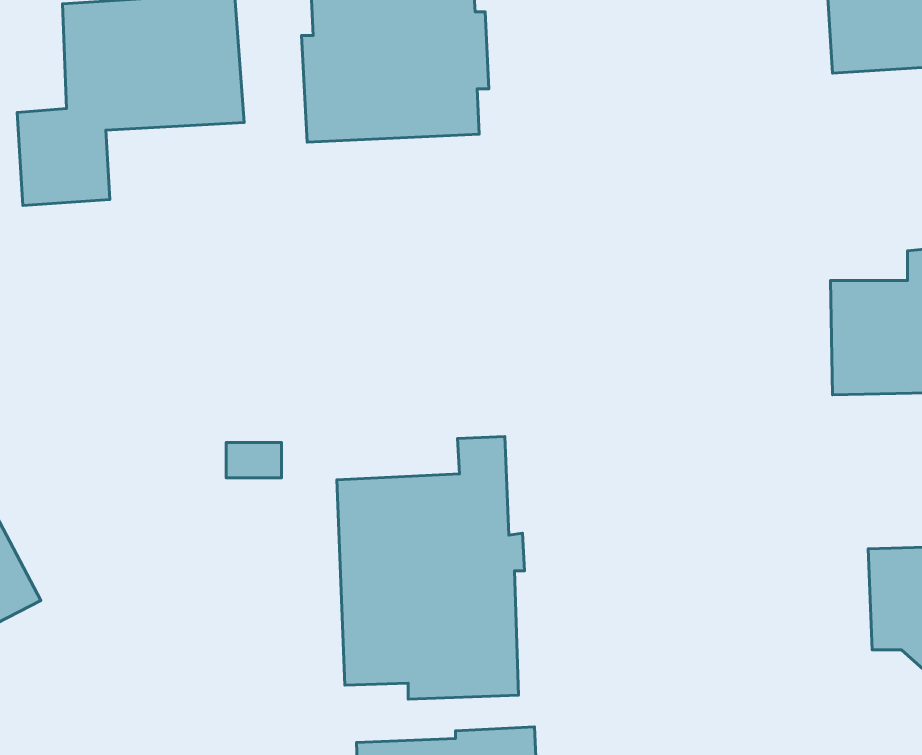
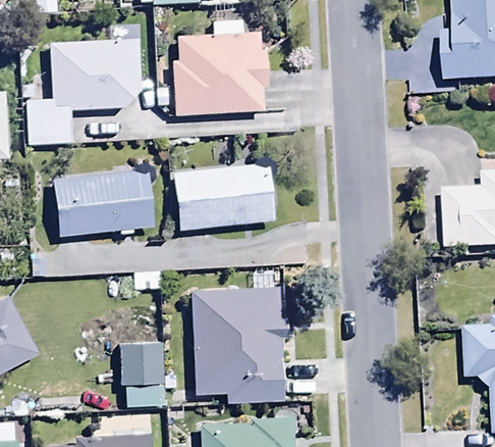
building: none -> [172,161,276,231]
building: none -> [52,167,154,237]
building: none -> [119,344,163,407]

